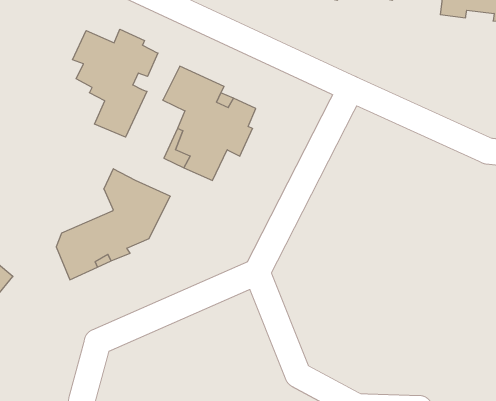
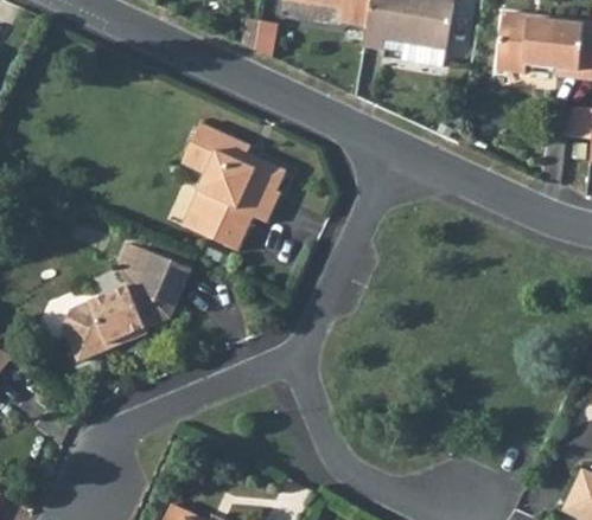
building: [72,29,158,137] -> none

